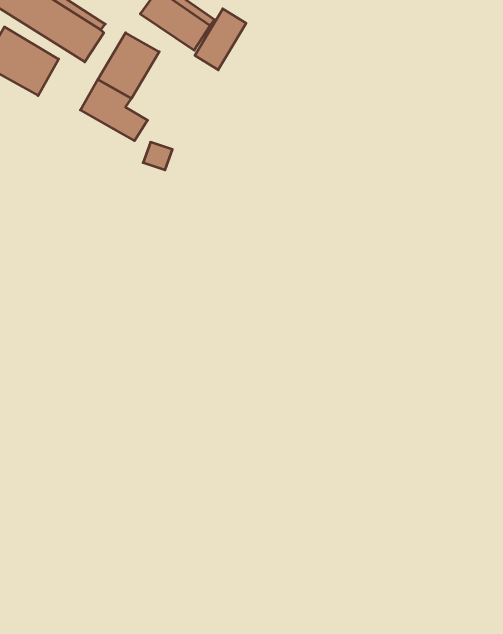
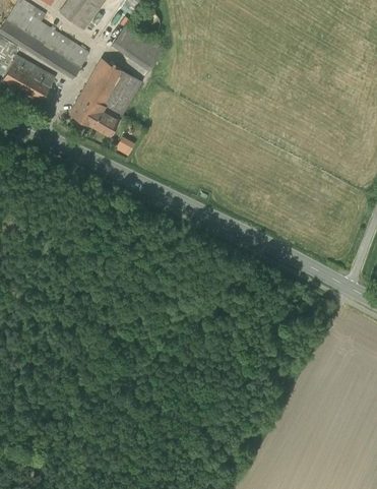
building: [195,9,246,70] -> [106,71,141,114]

